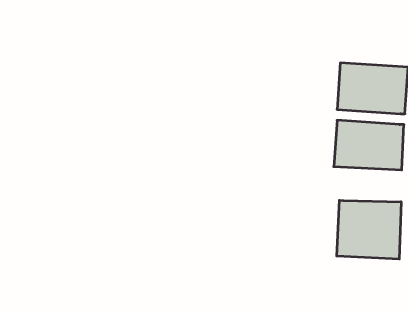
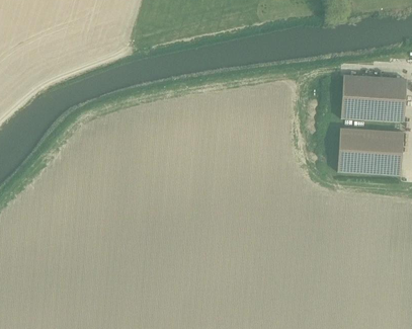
building: [337,200,401,259] -> none

